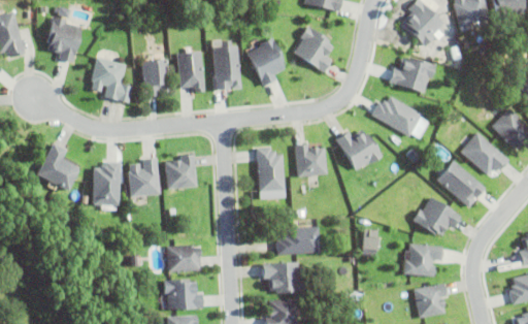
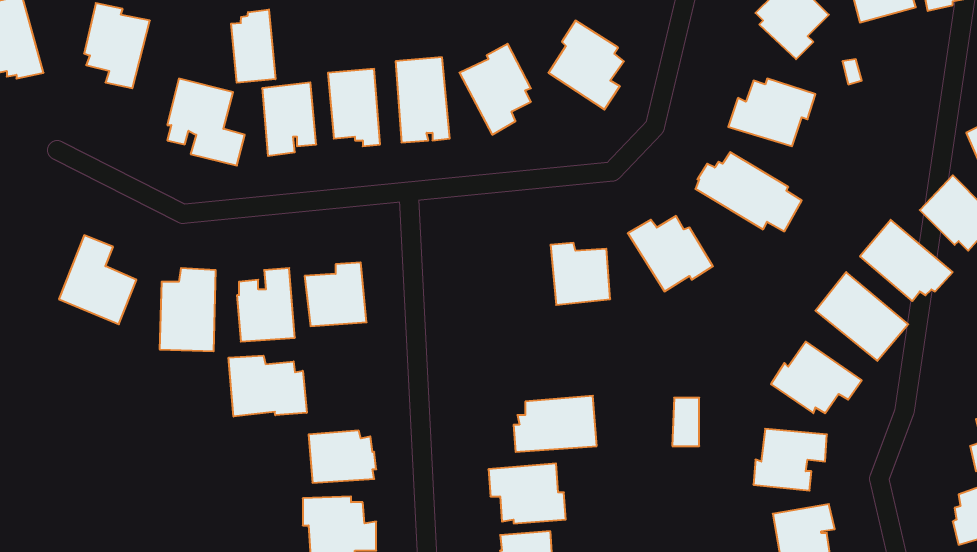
building: none -> [231,9,275,83]
building: [257,149,285,193] -> none
building: none -> [229,356,307,417]

